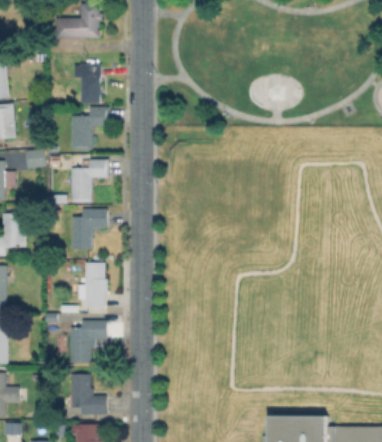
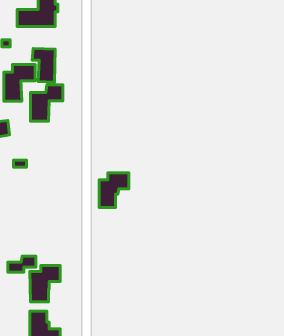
building: [71,159,108,202] -> [4,65,35,101]
building: [72,209,107,250] -> [99,173,129,208]
building: [78,262,107,308] -> none

